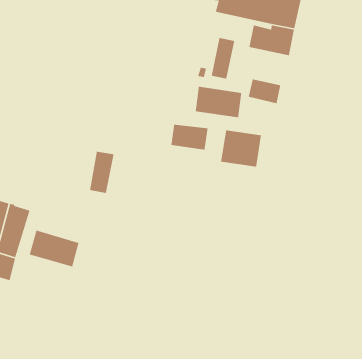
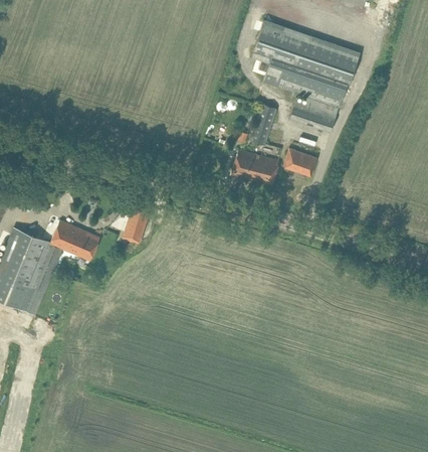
building: [171,124,209,150] -> none
building: [220,129,262,167] -> none
building: [28,230,79,268] -> [50,219,100,260]

